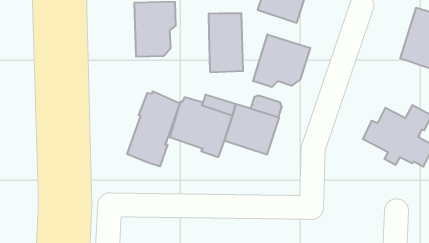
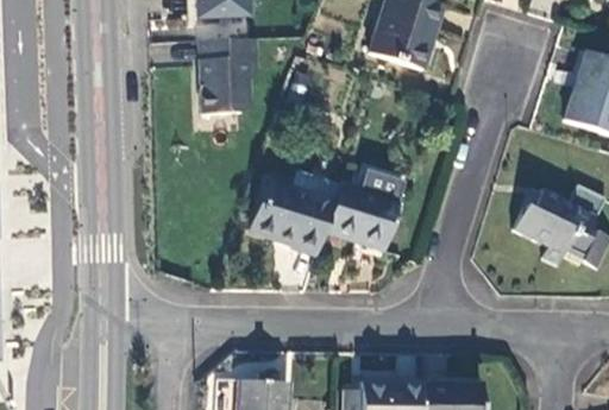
building: [209,13,243,72] -> none
building: [253,34,310,87] -> none
building: [127,91,180,166] -> none

